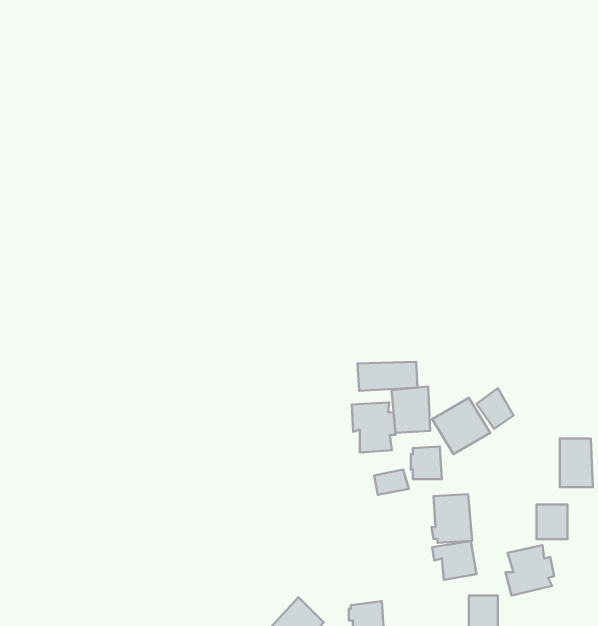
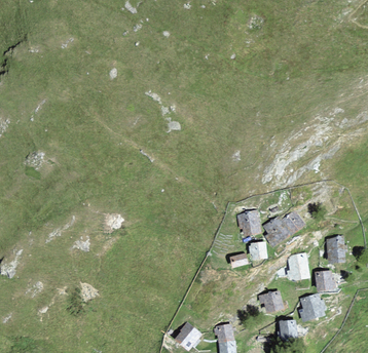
building: [358,362,418,391] -> none
building: [352,402,395,453] -> none
building: [432,494,472,543] -> [288,253,309,279]

